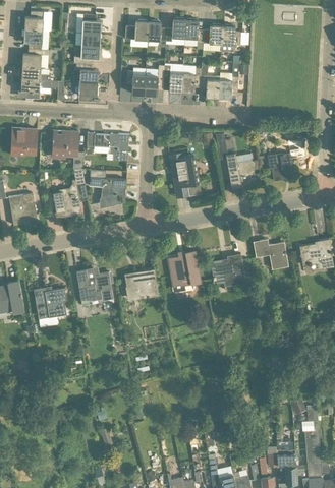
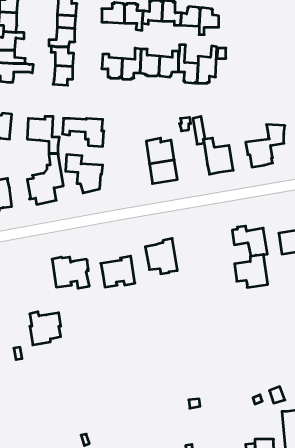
building: [212,253,244,286] -> [235,254,268,287]
building: [35,287,65,319] -> [30,312,61,345]

